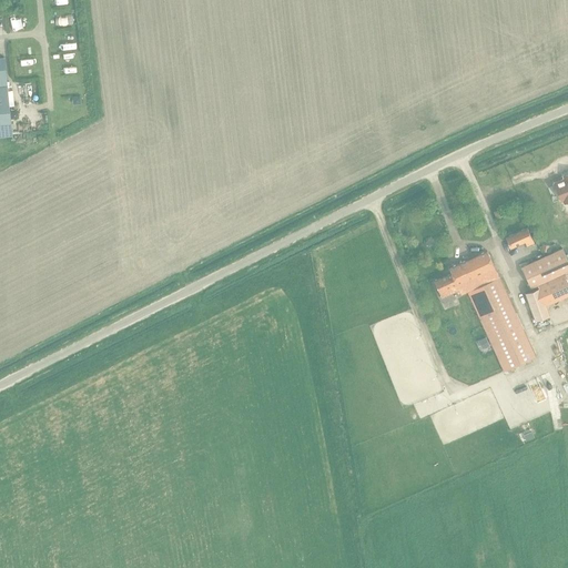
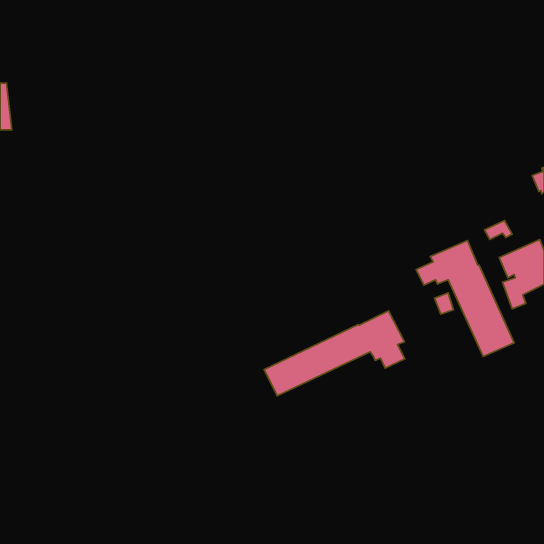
building: none -> [264,311,405,396]

